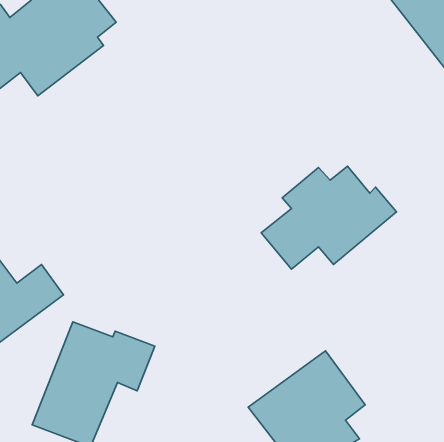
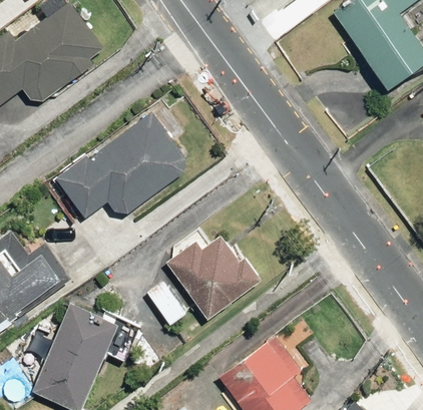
building: none -> [54,112,188,221]
building: [261,166,397,269] -> [145,238,262,326]

